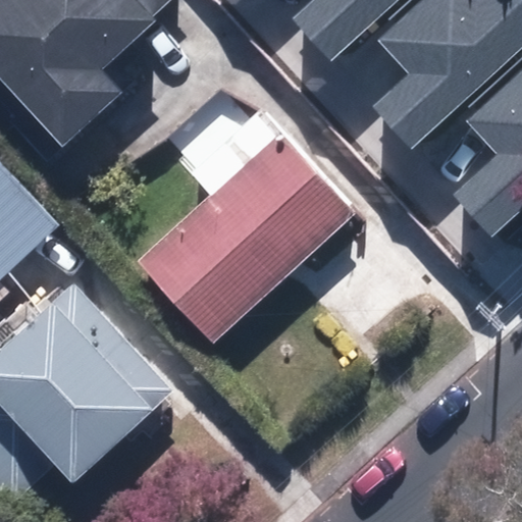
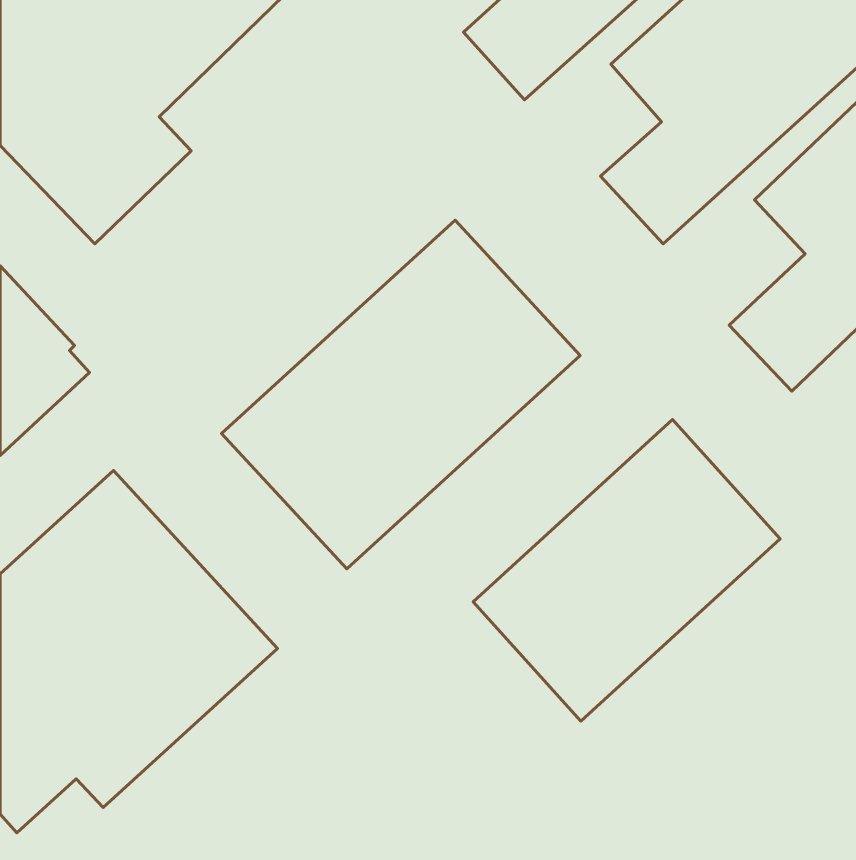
building: none -> [473,419,780,721]

